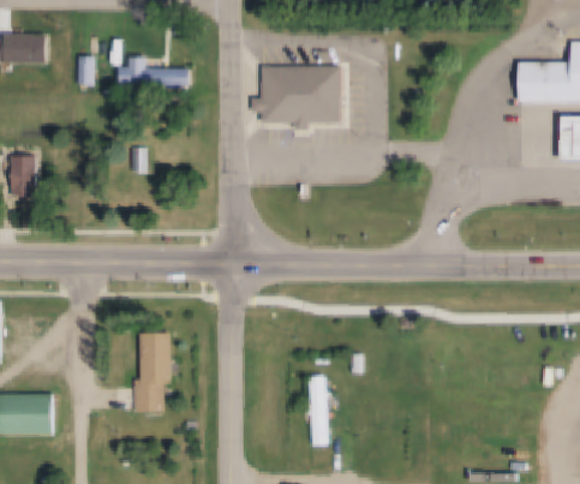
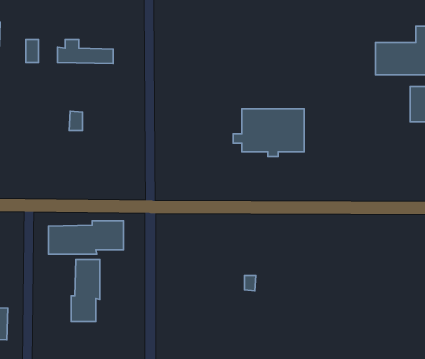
building: [252,67,341,127] -> [233,109,304,157]
building: none -> [48,221,123,254]
building: [304,374,329,443] -> none

